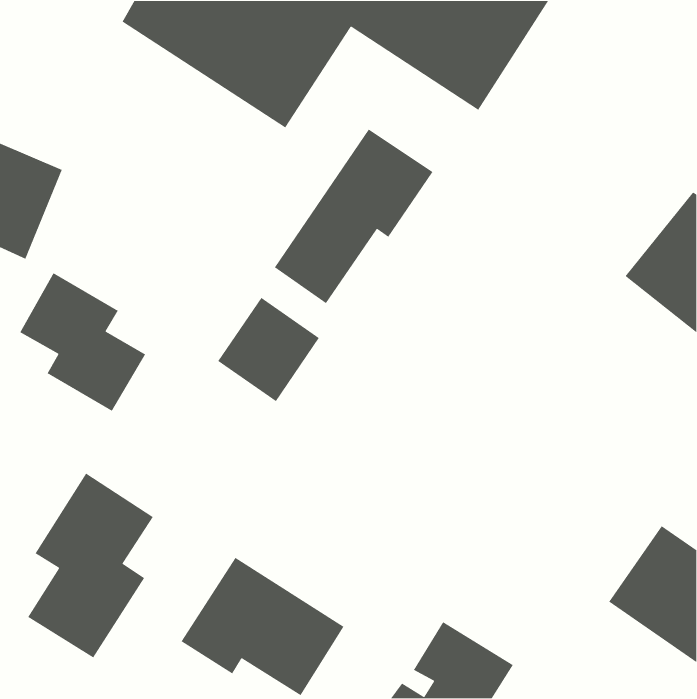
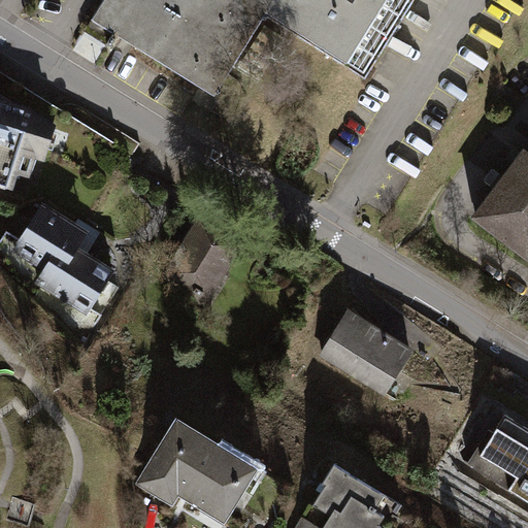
building: [274,128,433,304] -> none
building: none -> [323,311,417,398]
building: [27,473,154,659] -> none

